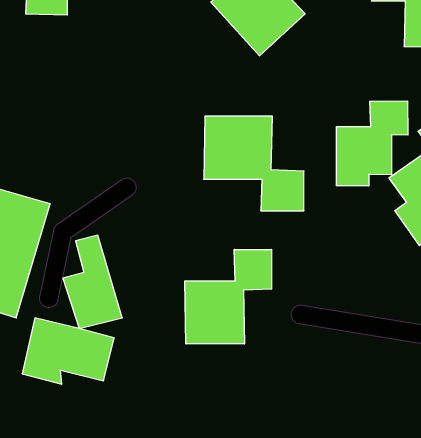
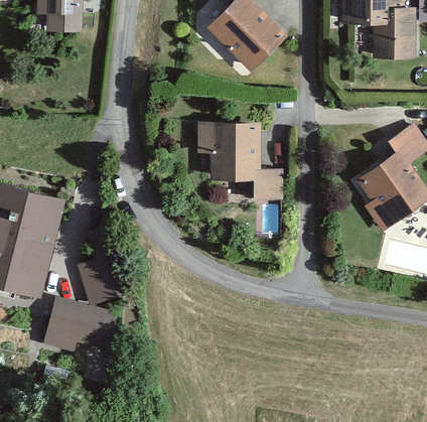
building: [336,101,408,186] -> none
building: [185,249,272,344] -> none

